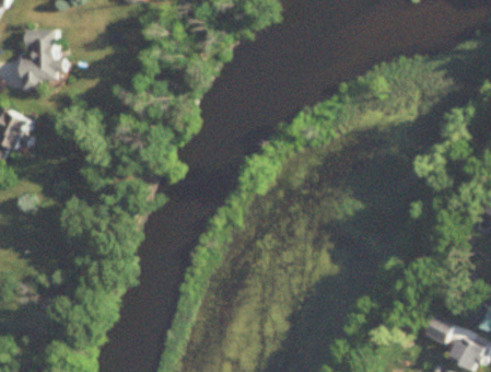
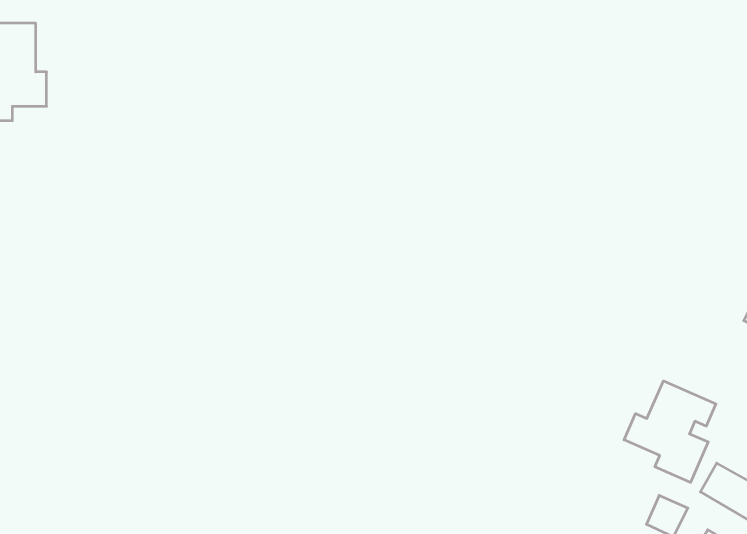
building: none -> [624,381,716,482]

